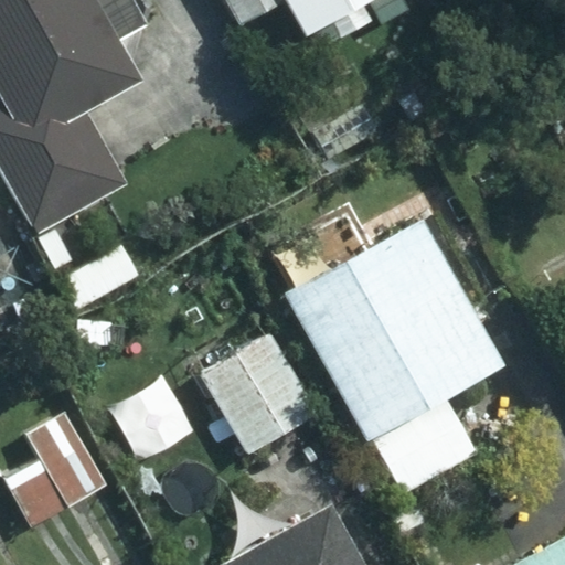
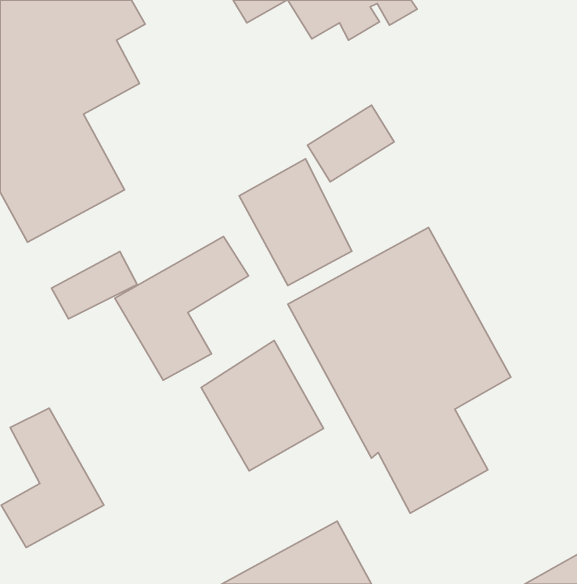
building: none -> [239,159,352,285]
building: none -> [115,236,249,380]

